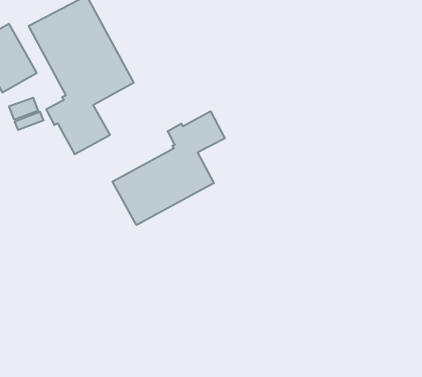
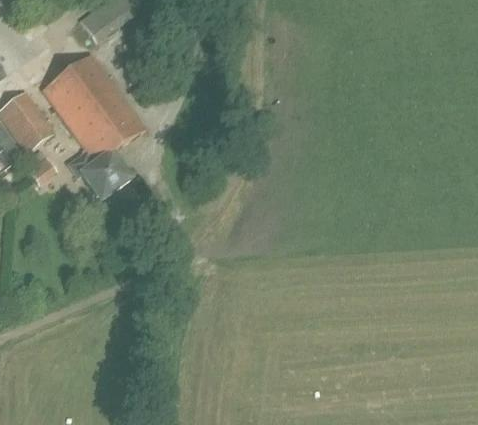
building: [113,111,225,225] -> none

